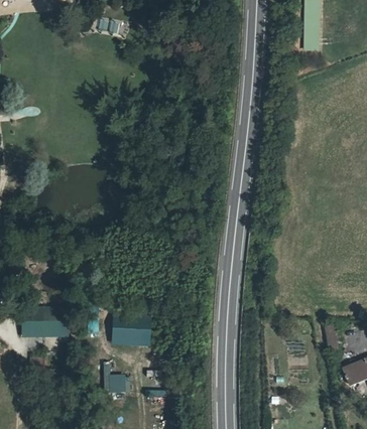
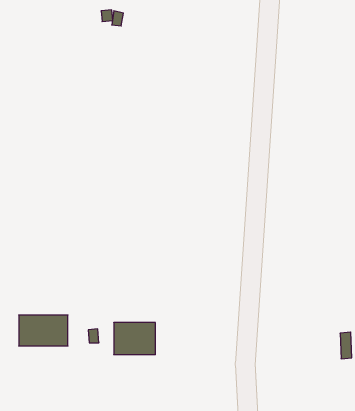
building: [103,362,128,392] -> none

